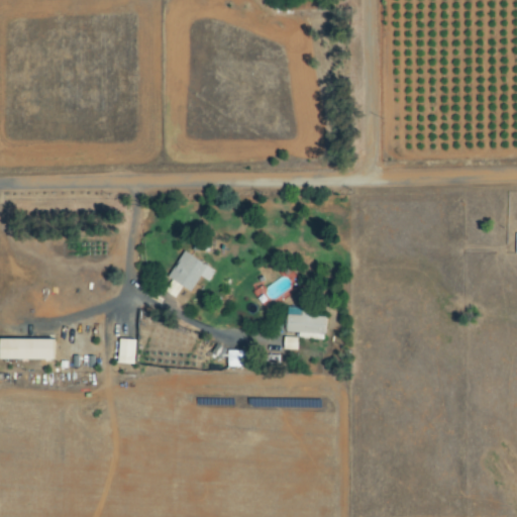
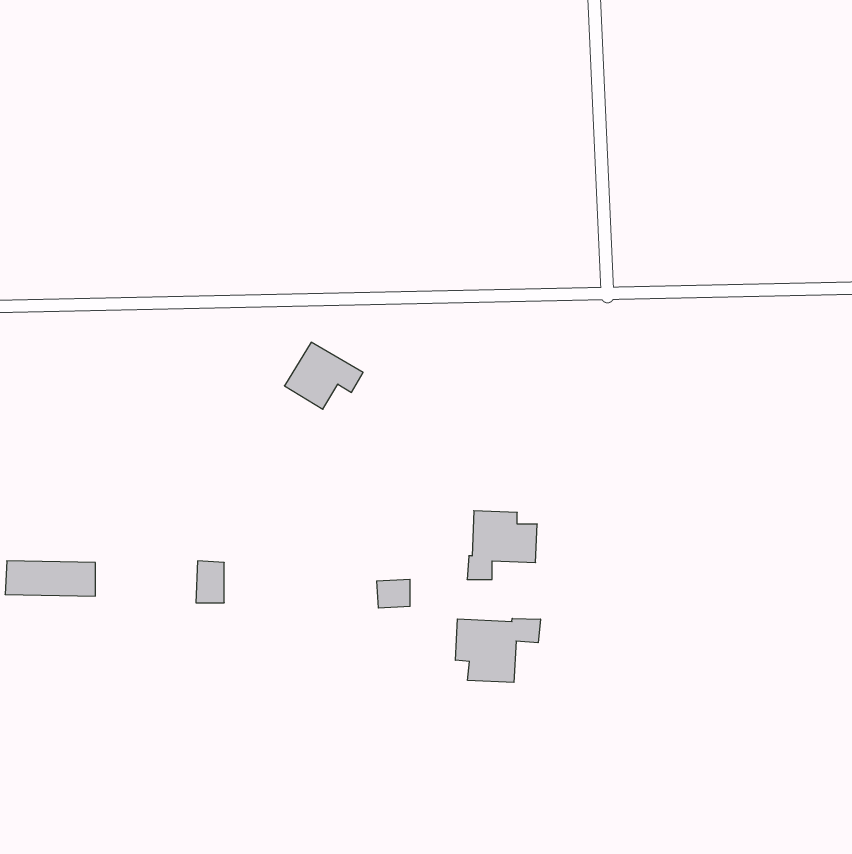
building: [168,250,215,291] -> [284,342,363,409]
building: none -> [455,618,540,682]

